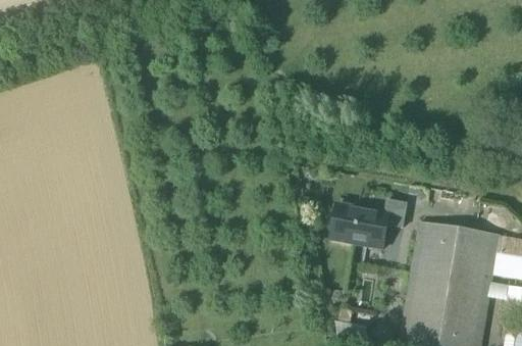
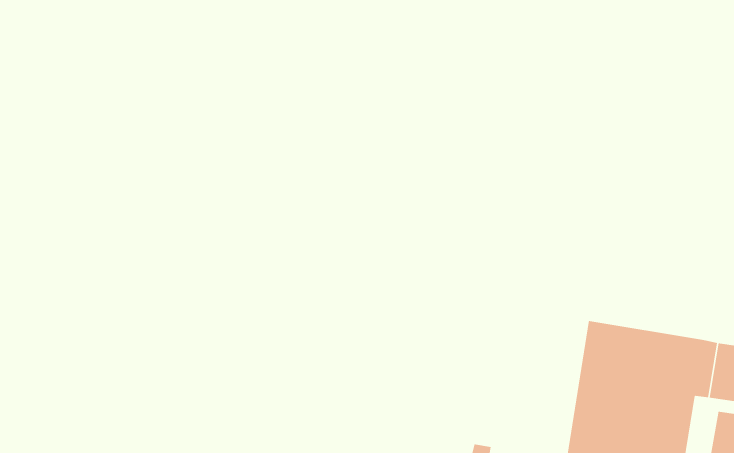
building: [329,198,409,250] -> none

